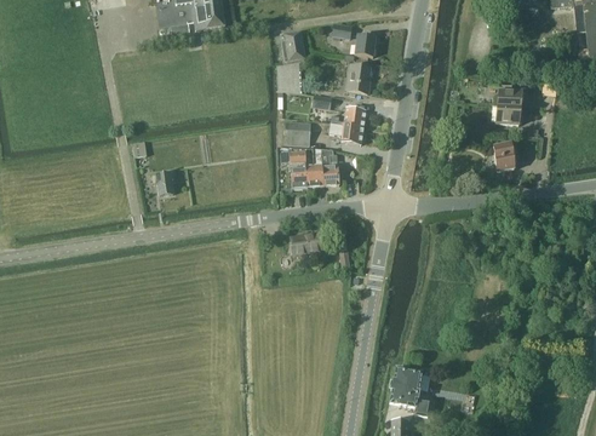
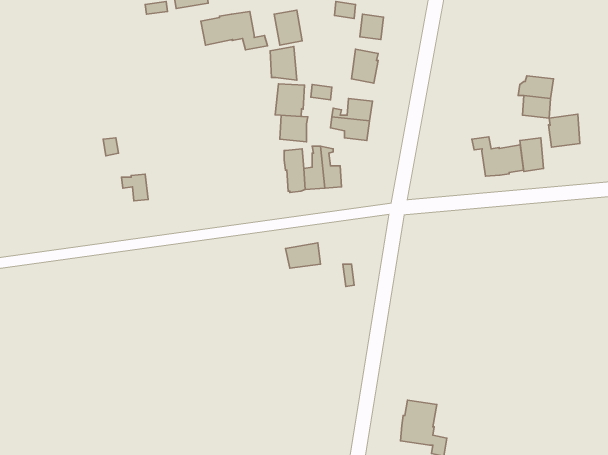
building: none -> [201,11,267,50]
building: none -> [275,84,304,116]
building: none -> [548,114,580,147]
building: none -> [472,137,524,176]

